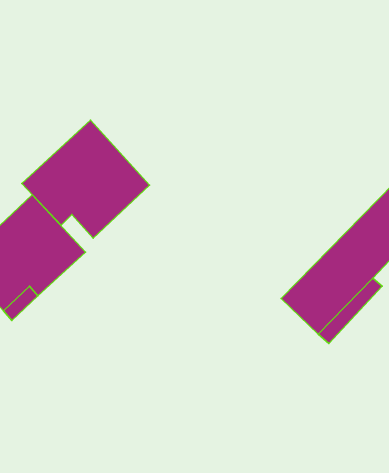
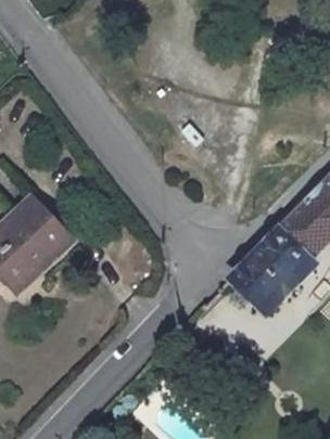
building: [22,120,150,238] -> none

